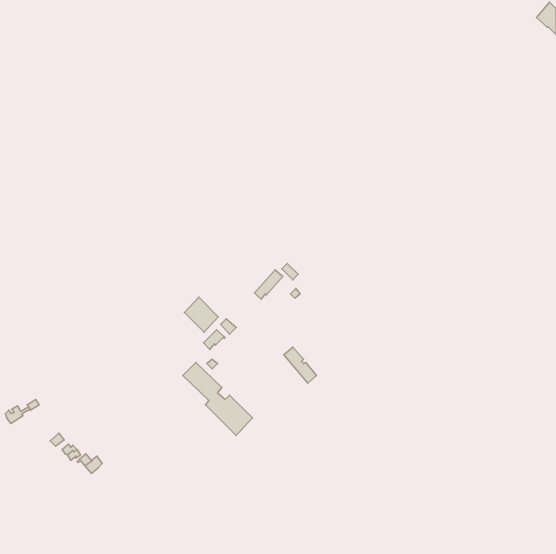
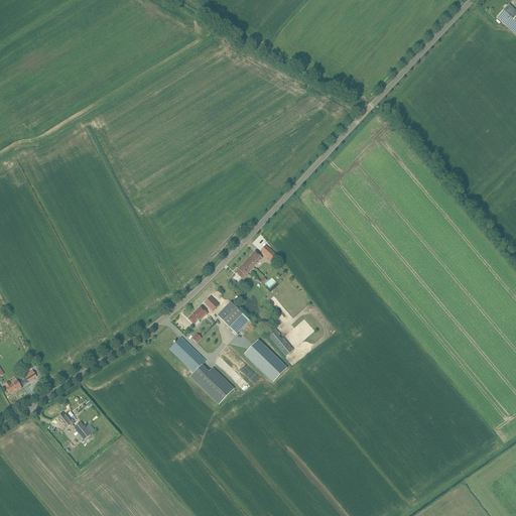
building: [185,297,218,332] -> [218,300,249,333]
building: none -> [245,340,289,382]

